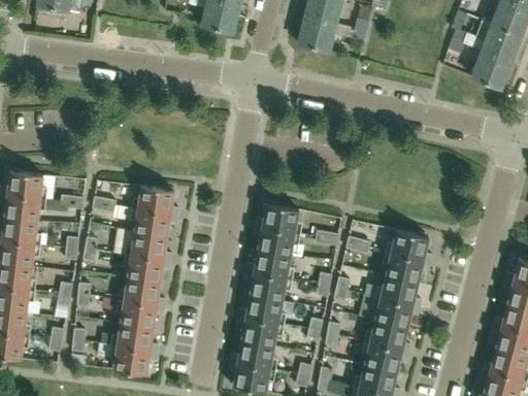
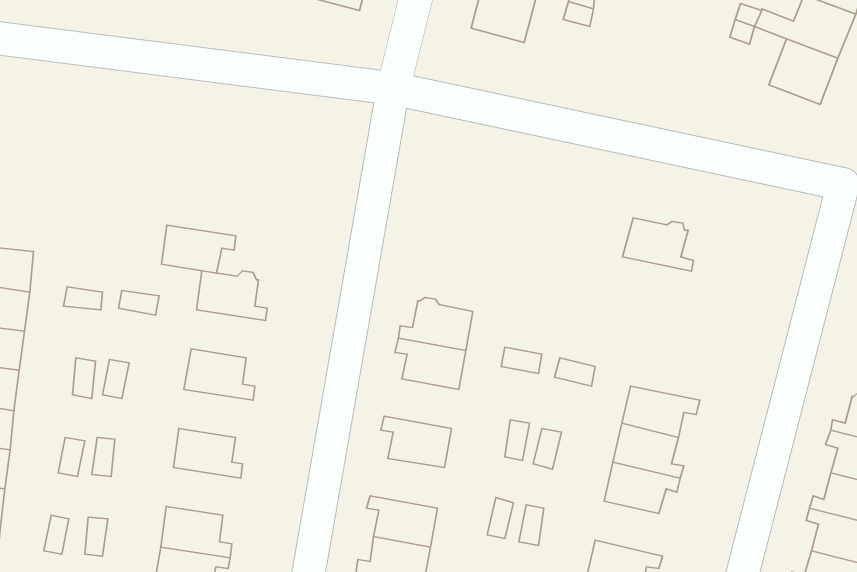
building: [135,207,178,235] -> [162,225,236,273]
building: [391,229,432,260] -> [623,218,693,271]
building: [248,248,291,276] -> none
building: [128,254,171,282] -> none
building: [239,294,283,323] -> none
building: [121,299,164,327] -> none
building: [370,319,411,351] -> none

